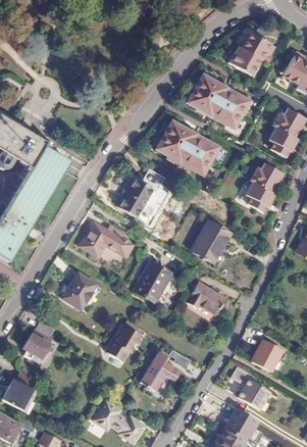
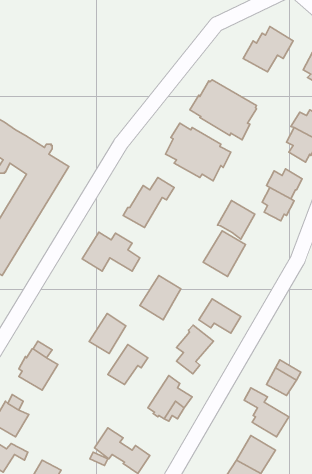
building: none -> [218,200,255,239]
building: [62,272,96,309] -> [89,314,126,354]
building: none -> [177,325,214,374]

